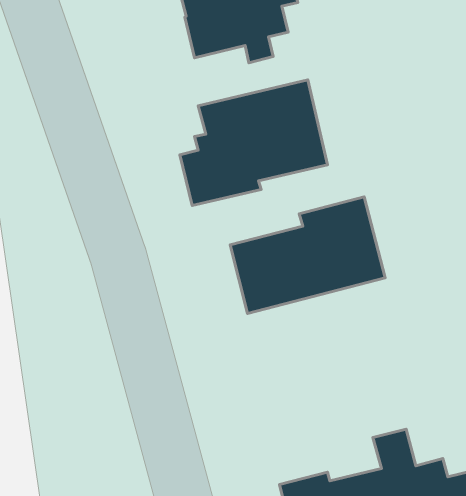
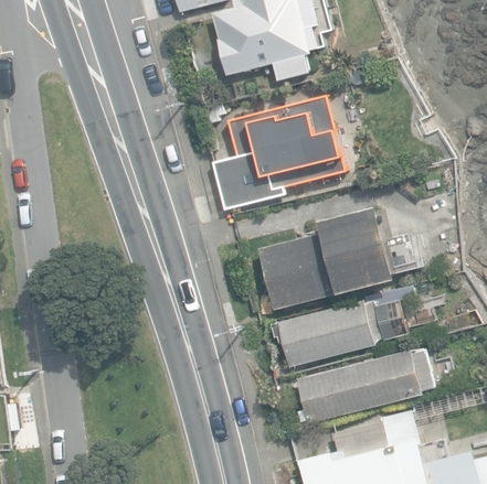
building: none -> [271,287,415,368]
building: none -> [297,351,437,426]

